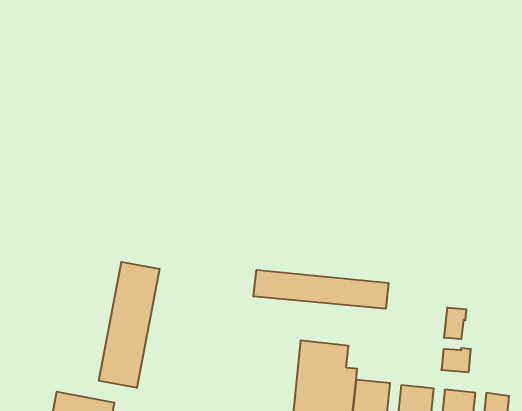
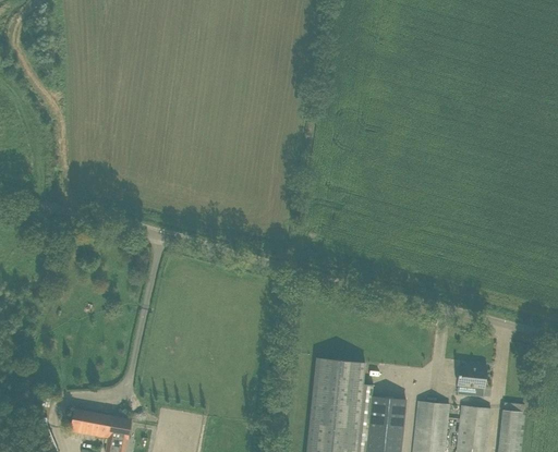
building: [99,262,159,388] -> none
building: [254,270,388,309] -> none
building: [444,307,466,339] -> none

